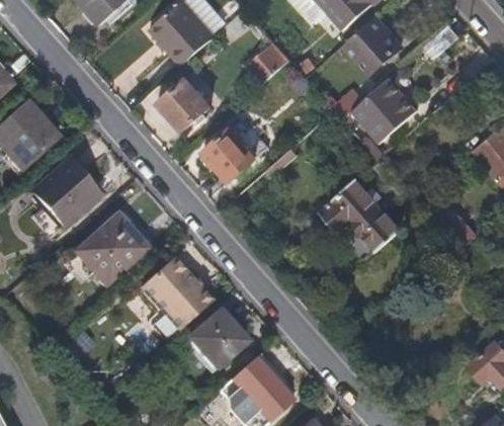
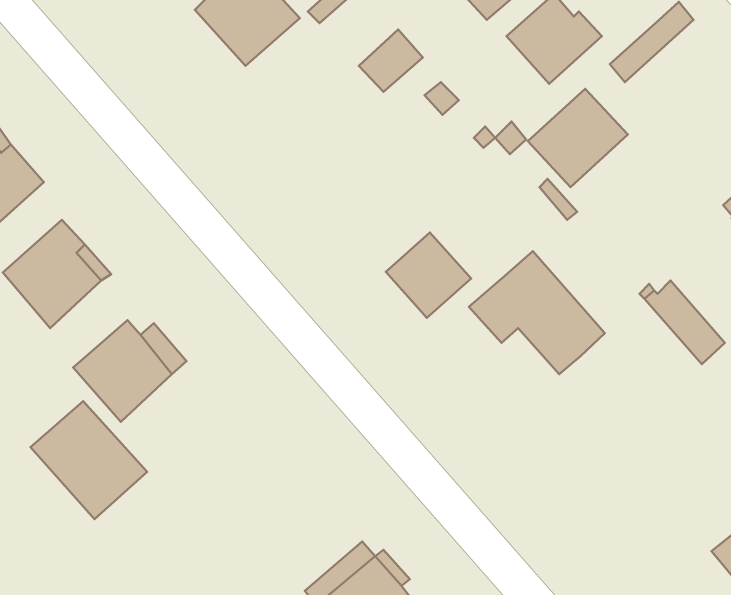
building: [161,78,213,131] -> none
building: [205,129,258,181] -> [386,232,471,318]
building: [139,257,211,330] -> [31,401,147,519]
building: [188,311,247,368] -> none

